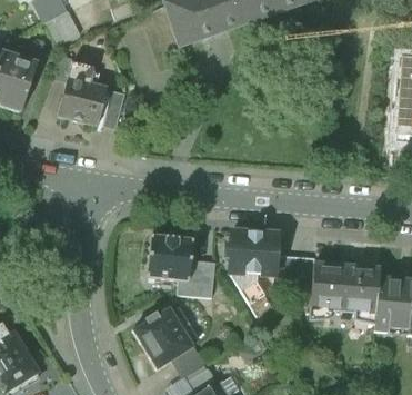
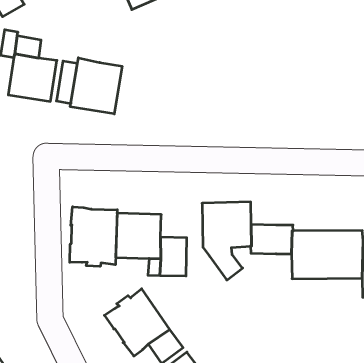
building: none -> [70,58,122,114]
building: none -> [70,207,117,266]

